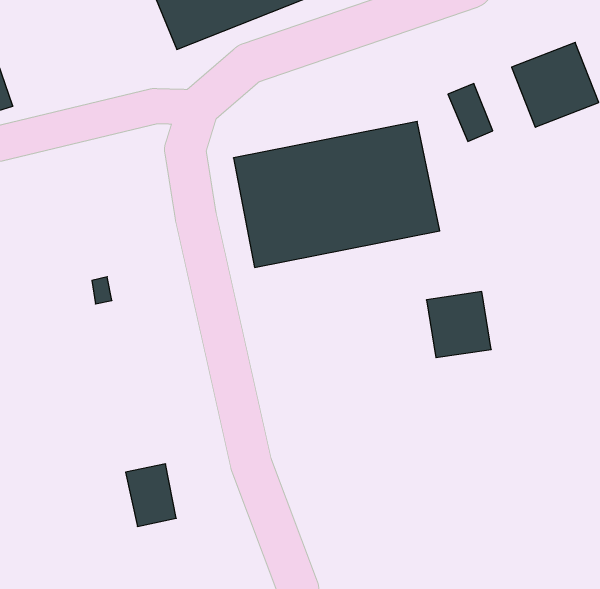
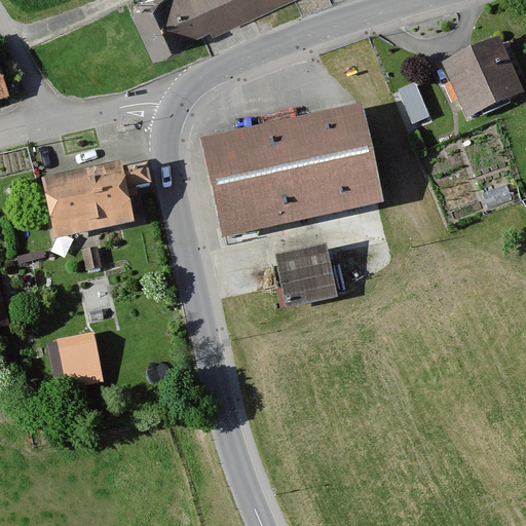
building: none -> [43,162,132,235]
building: [426,292,491,358] -> [277,247,334,304]
building: [126,464,176,526] -> [54,328,99,382]

